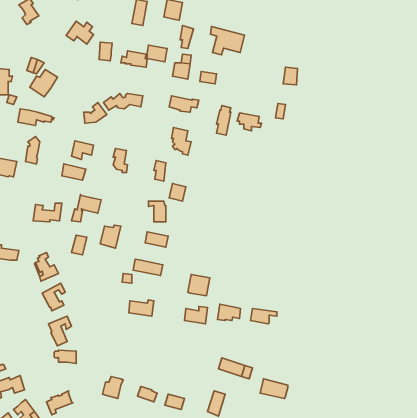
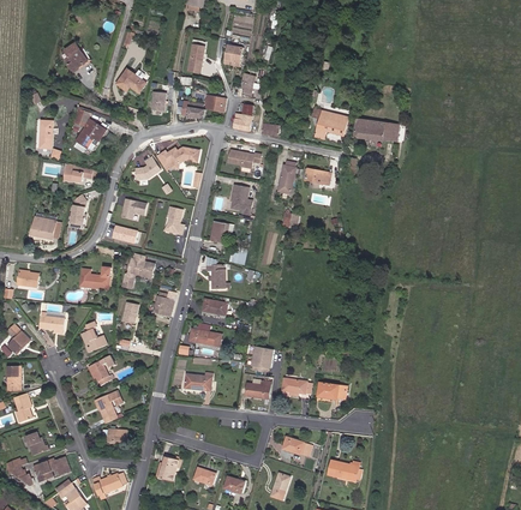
building: [210,26,244,55] -> [311,108,348,139]
building: none -> [367,120,399,142]

